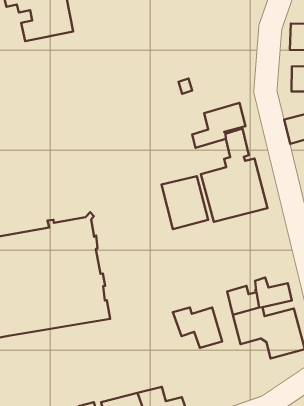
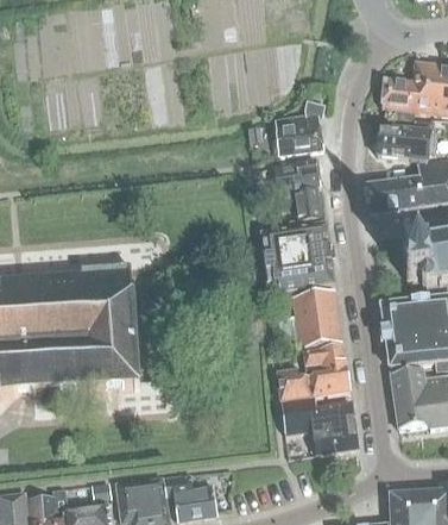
building: none -> [273,100,324,155]
building: [161,176,208,229] -> [292,290,341,348]
building: none -> [303,348,346,374]
building: [173,308,222,348] -> none

